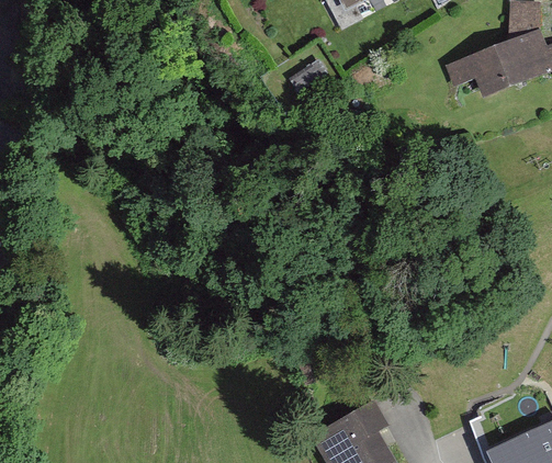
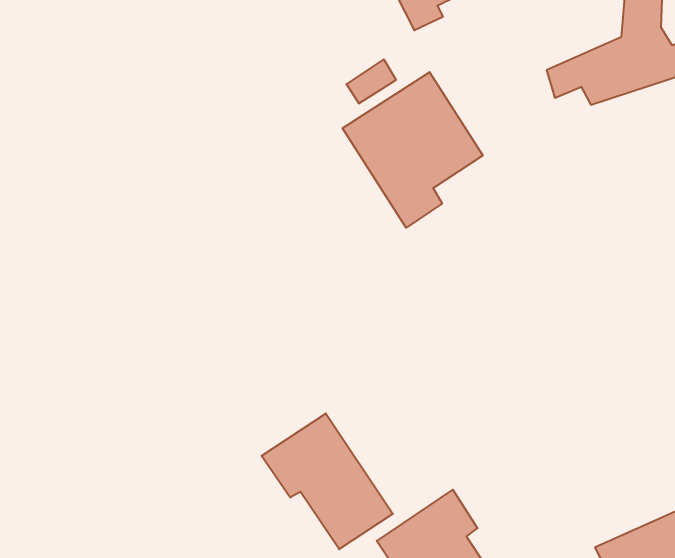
building: none -> [343,72,483,228]
building: none -> [262,413,393,549]

